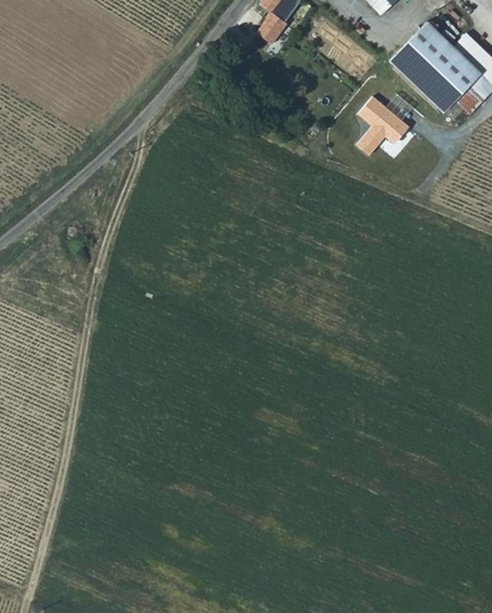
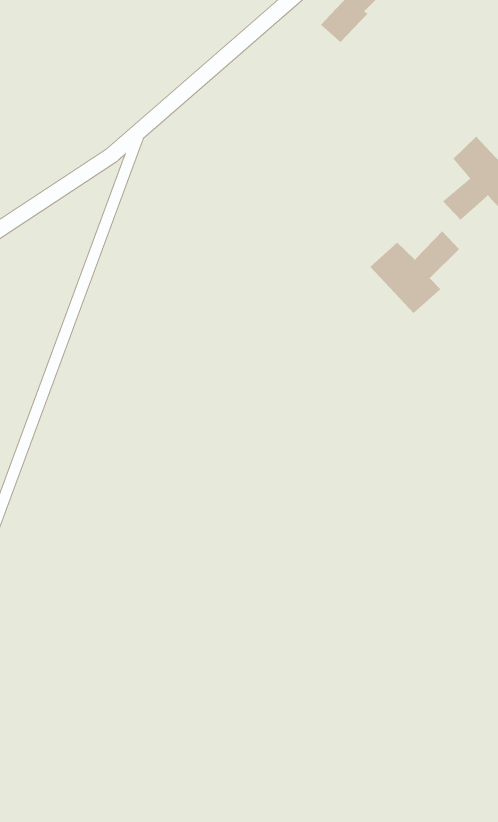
building: none -> [370,230,460,314]

